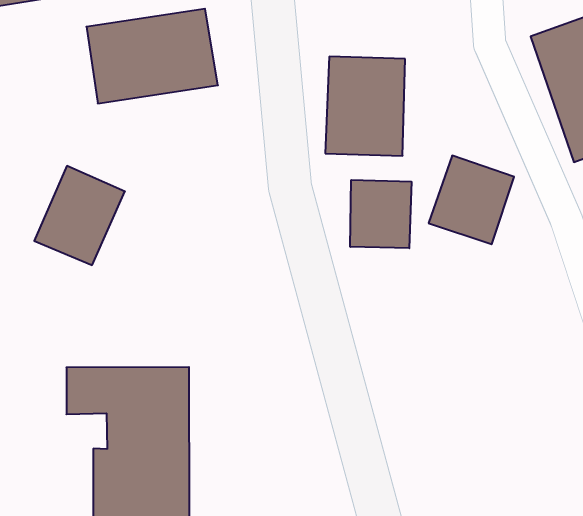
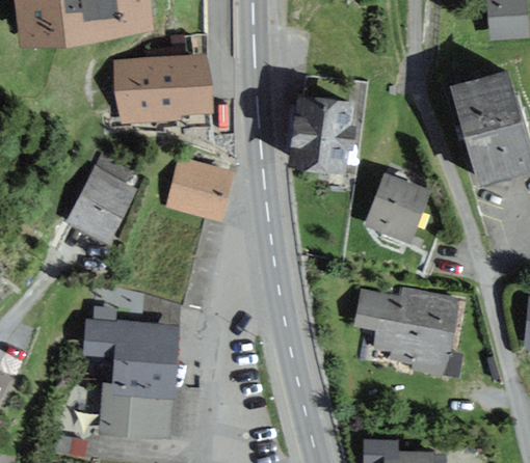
building: none -> [166,156,233,221]
building: [350,180,411,248] -> none
building: none -> [354,289,456,372]

